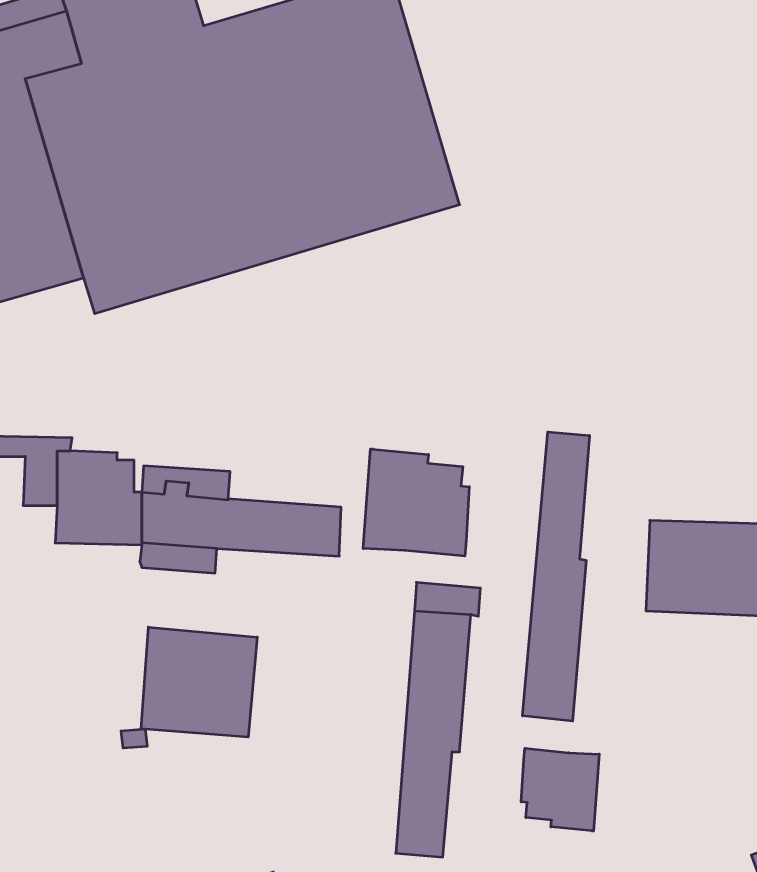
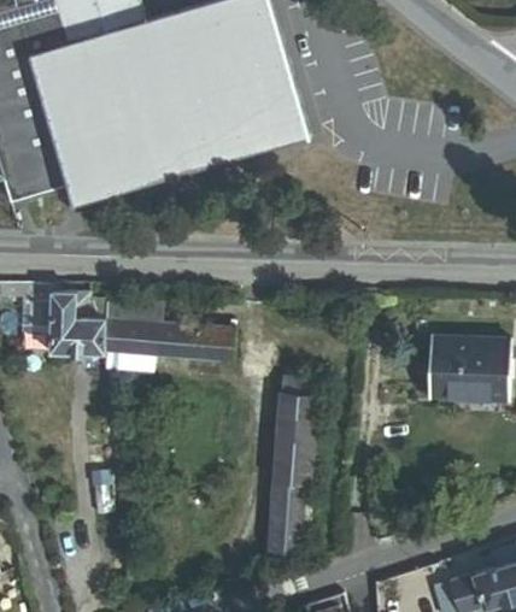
building: [523,432,589,721] -> none
building: [363,449,469,556] -> none
building: [141,627,257,737] -> none
building: [521,748,599,831] -> none

